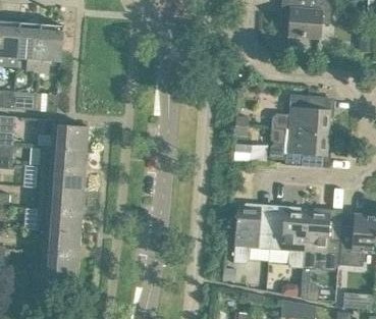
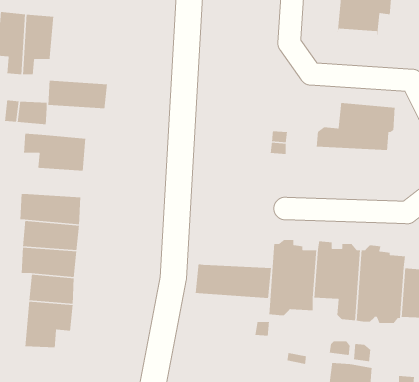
building: [269,128,331,167] -> none
building: [39,145,87,168] -> [48,80,108,109]
building: none -> [195,263,272,299]

